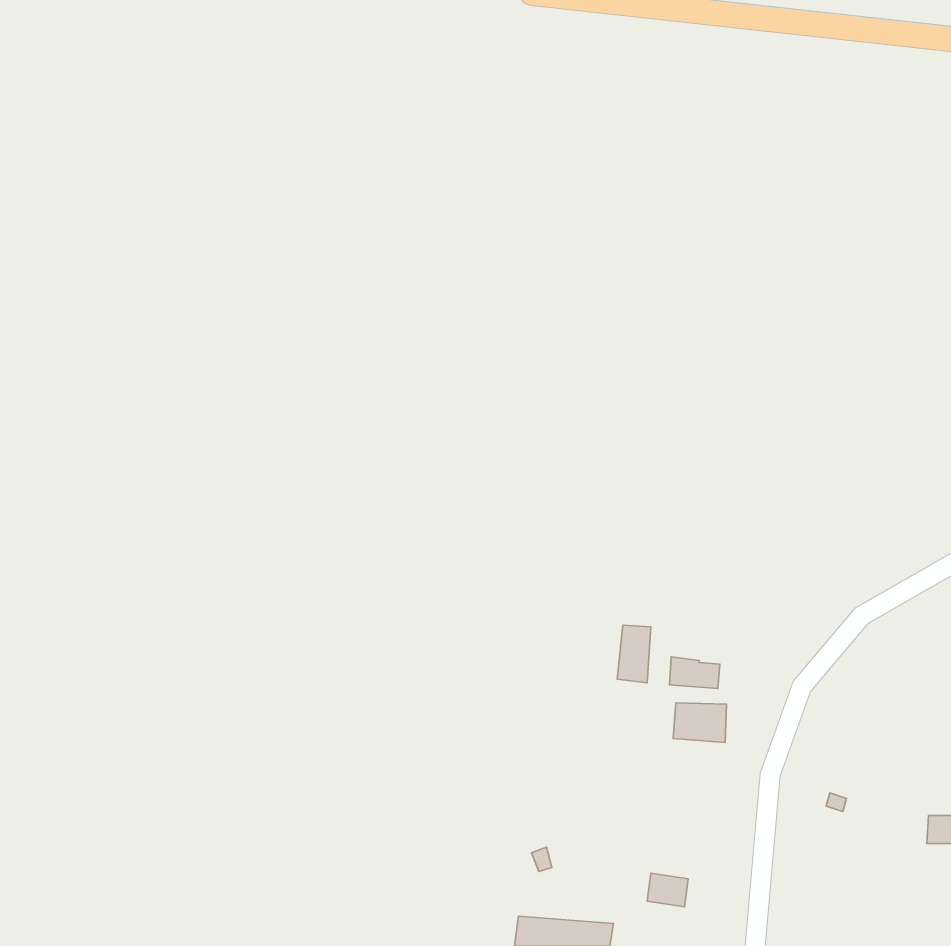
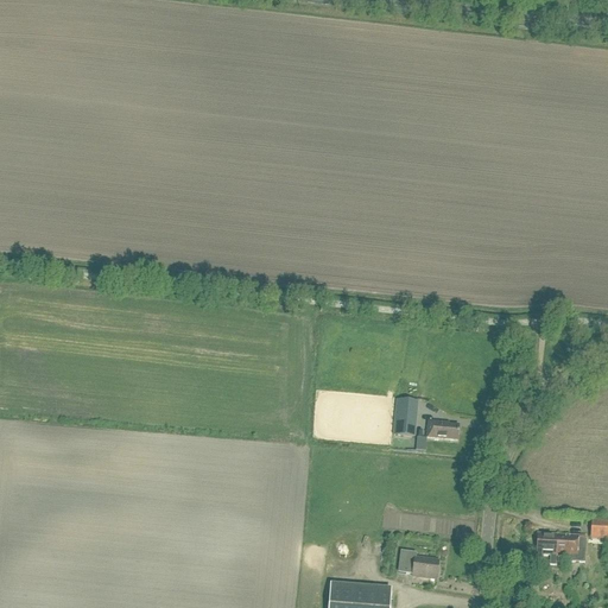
building: [673,703,726,742] -> none
building: none -> [537,531,587,560]

